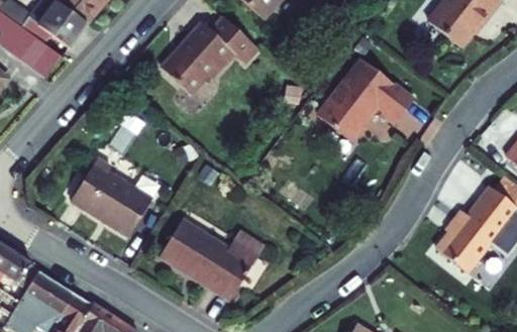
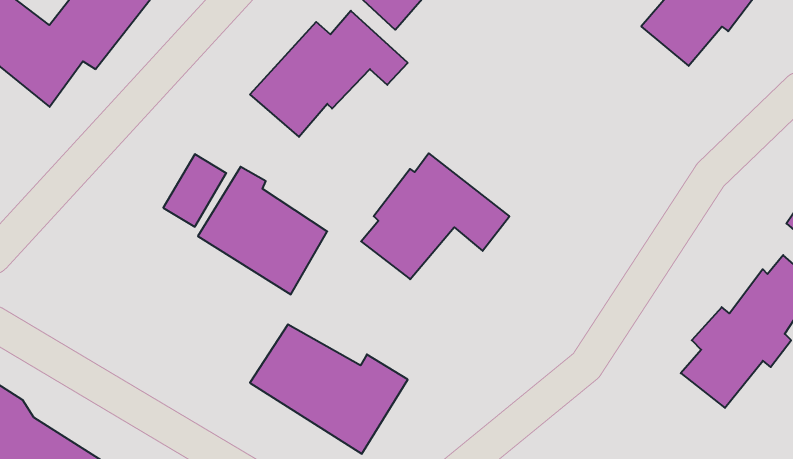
building: [320,58,415,138] -> [361,153,509,279]
building: [74,155,157,237] -> [198,167,327,294]

